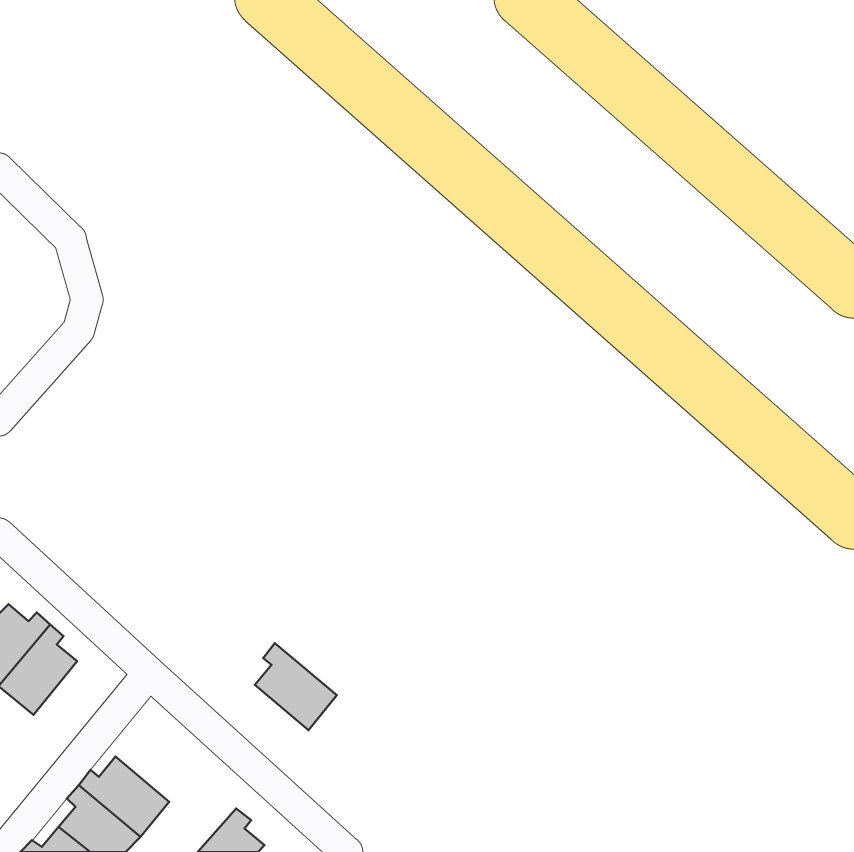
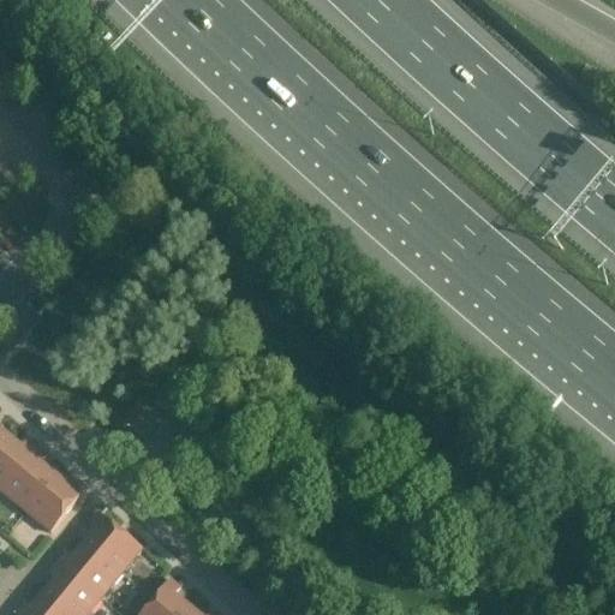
building: [255,643,337,730] -> [83,513,142,575]
building: none -> [24,474,86,535]

